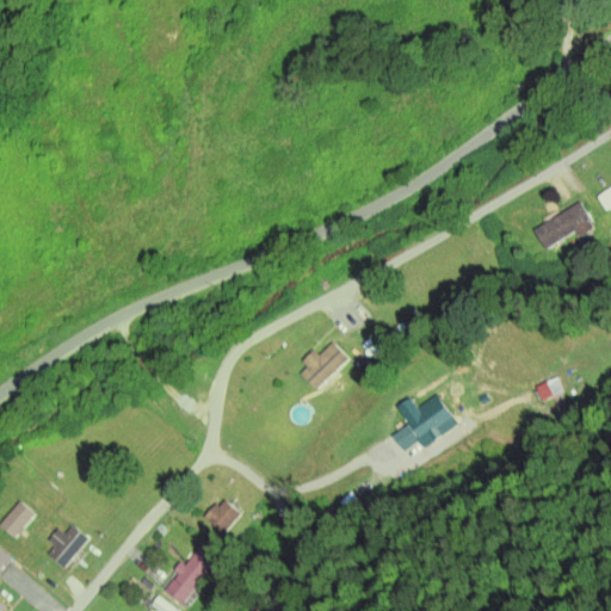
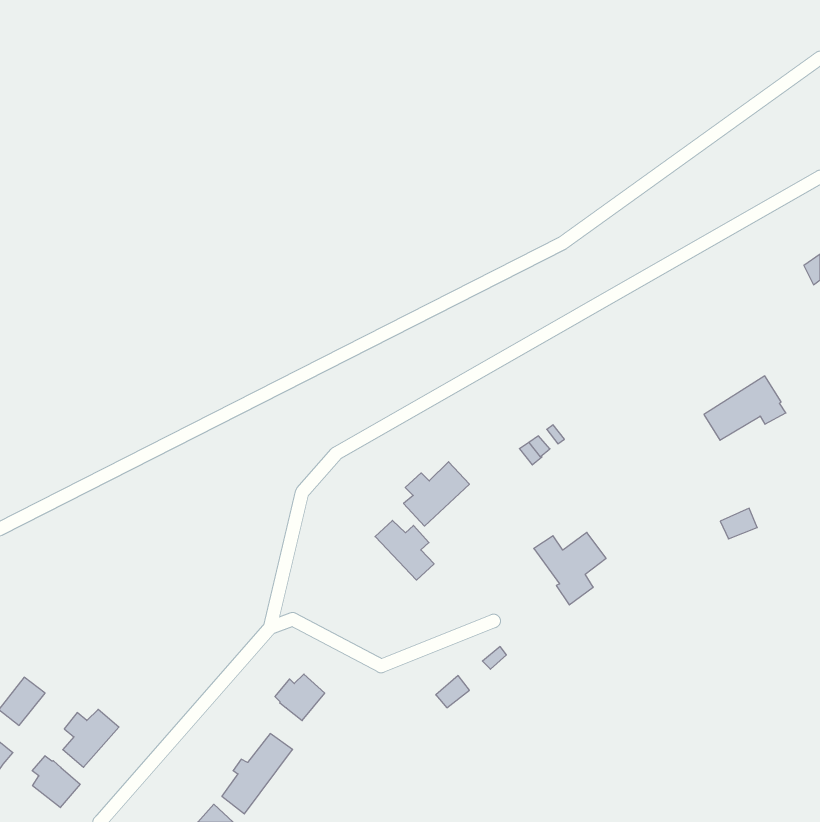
building: [533,202,594,249] -> [704,376,786,440]
building: none -> [375,520,434,580]
building: none -> [32,756,80,808]

